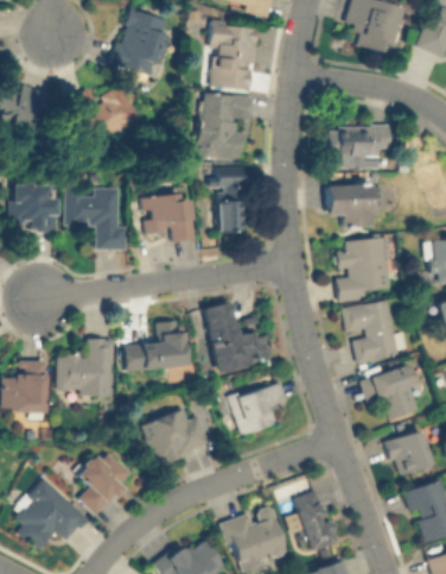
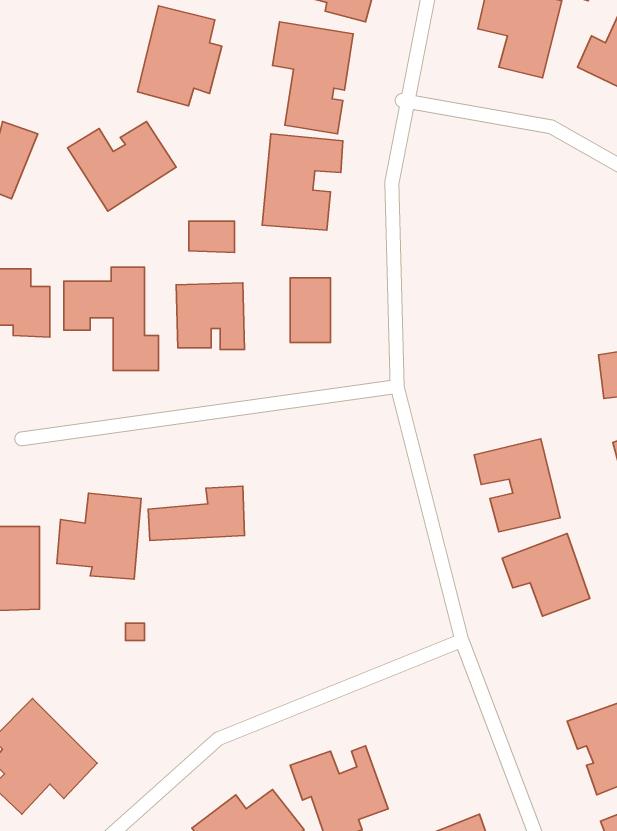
building: [330,124,390,168] -> none
building: [216,165,247,187] -> [189,221,234,253]
building: [326,183,374,226] -> none
building: [337,236,393,301] -> none
building: [200,297,278,372] -> none
building: [225,374,293,437] -> none
building: [139,408,210,466] -> none
building: [382,428,432,474] -> none
building: [70,441,133,521] -> none
building: [291,492,339,551] -> none

